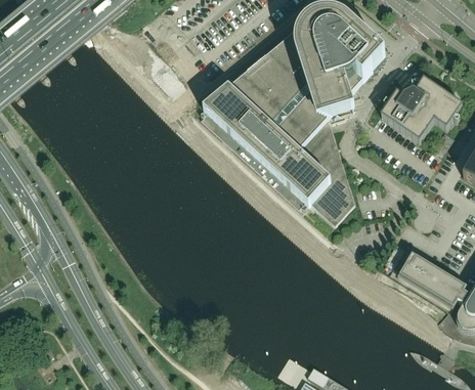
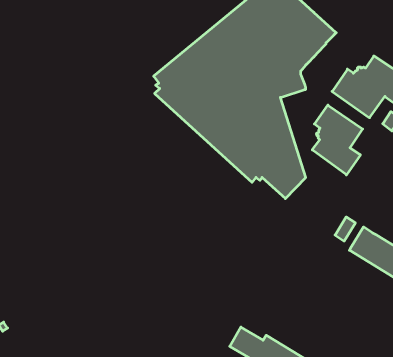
building: none -> [312,105,363,175]

